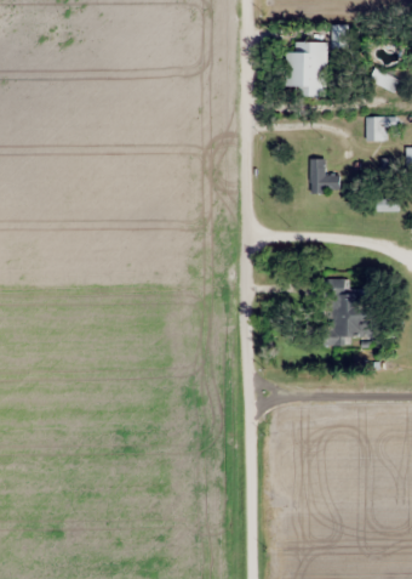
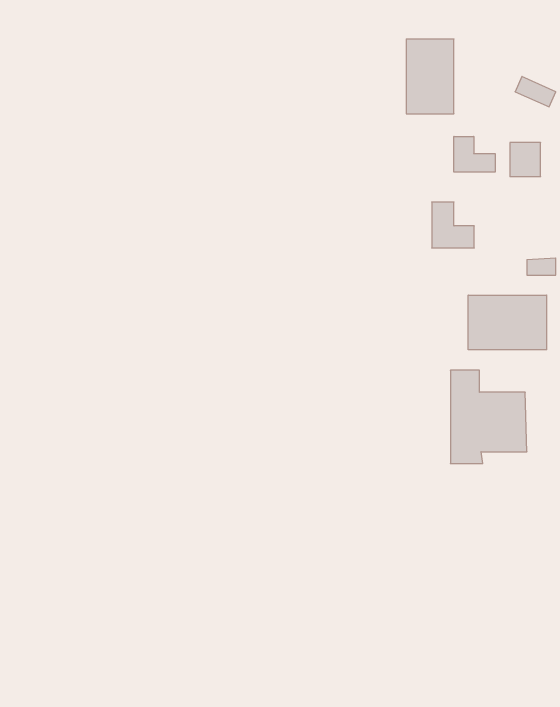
building: none -> [454,136,495,172]
building: none -> [468,295,547,350]

